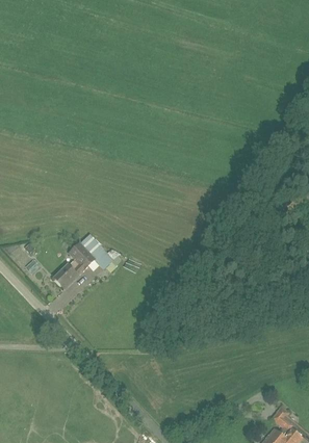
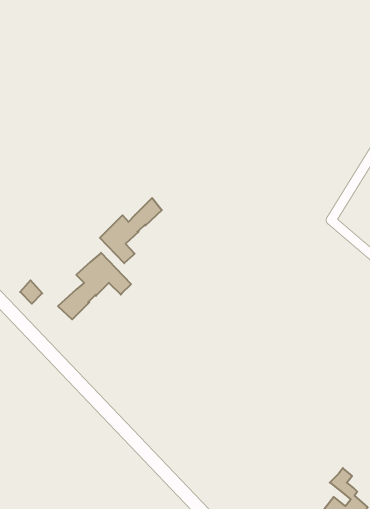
building: none -> [100,198,162,263]

